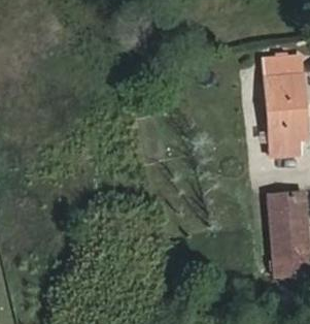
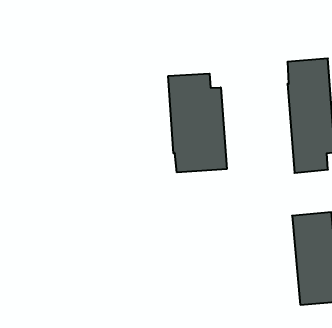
building: none -> [168,74,227,172]

